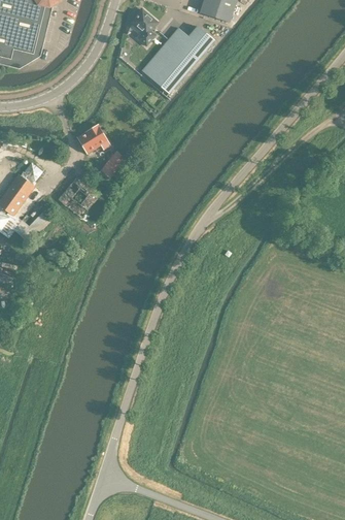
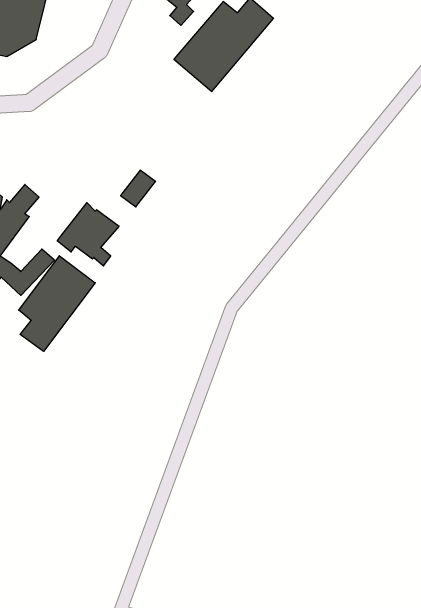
building: [77,124,111,153] -> none
building: none -> [19,256,95,351]

